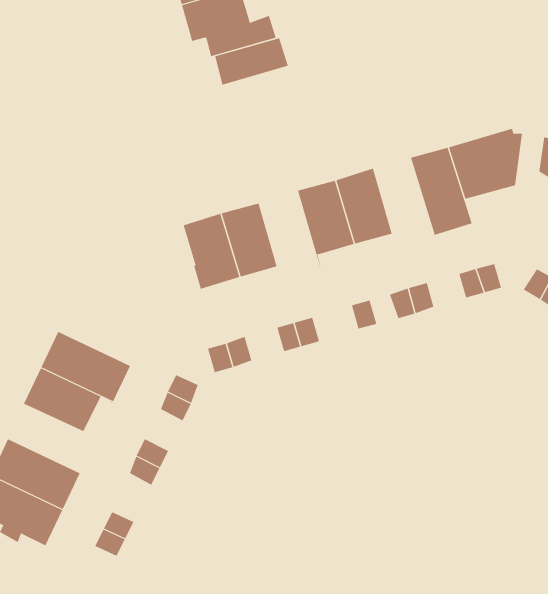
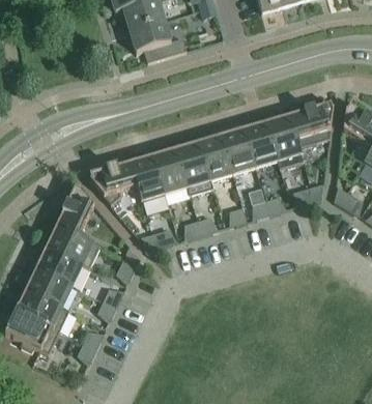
building: [215,37,289,85] -> none
building: none -> [245,121,281,168]
building: none -> [176,141,212,195]
building: none -> [90,162,138,204]
building: none -> [56,187,101,246]
building: none -> [26,268,71,310]

